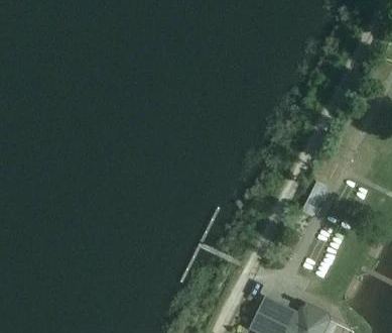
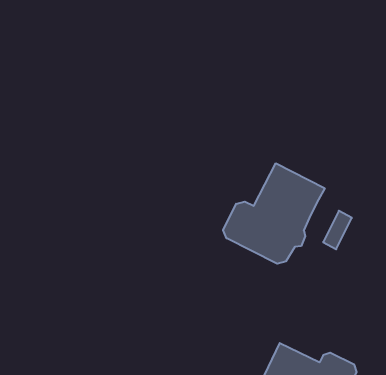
building: none -> [223,163,325,264]

